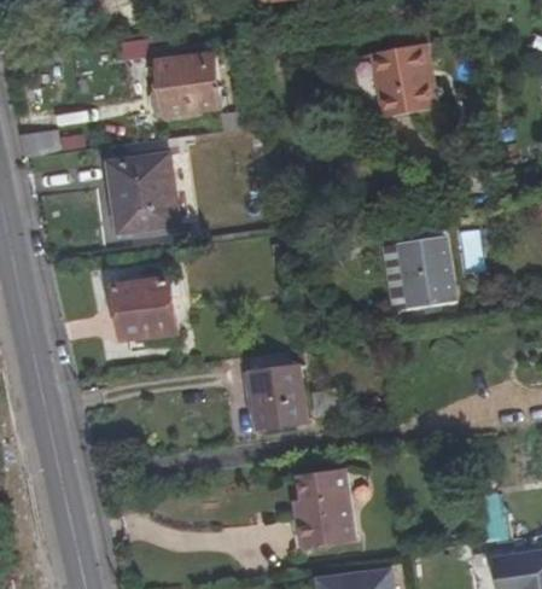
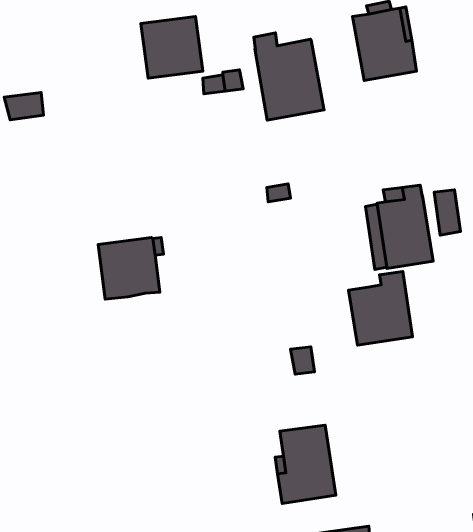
building: none -> [254,33,324,120]
building: [109,153,179,233] -> none
building: none -> [348,271,413,345]
building: [249,363,307,431] -> none

